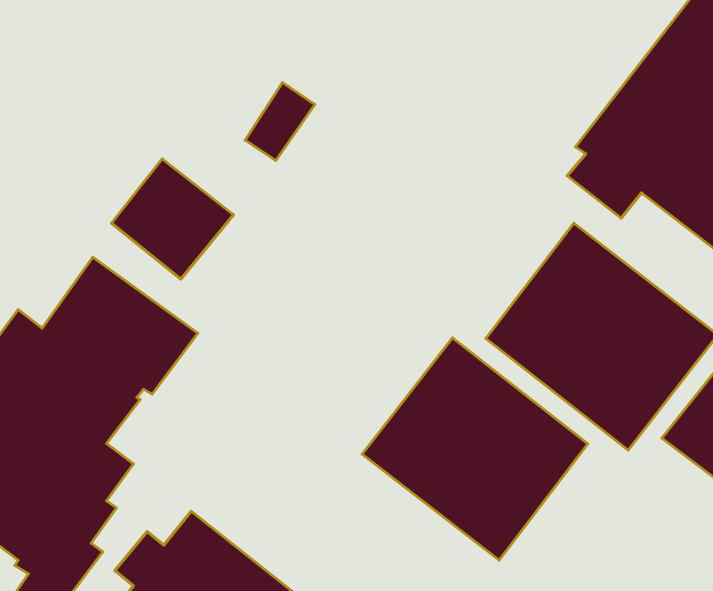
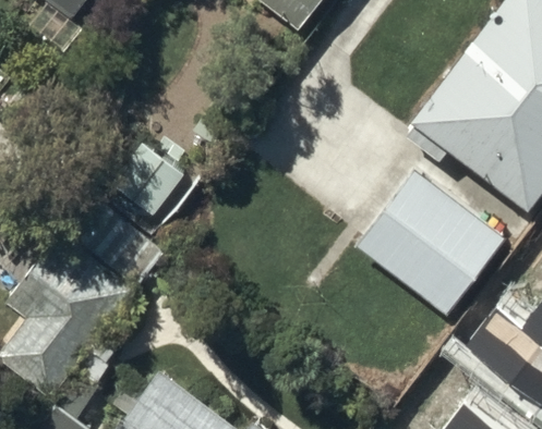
building: [362,338,588,560] -> none

